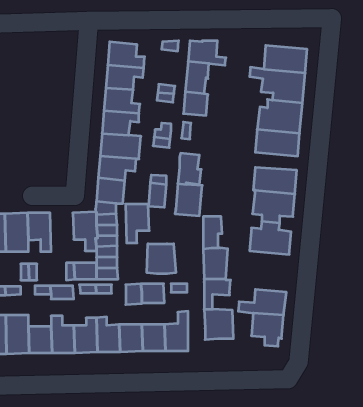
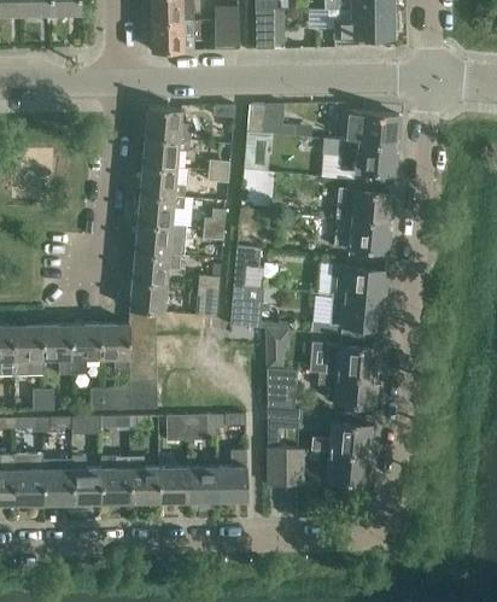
building: [126,204,149,243] -> [70,325,100,374]
building: [147,244,176,274] -> none
building: none -> [317,373,375,407]

